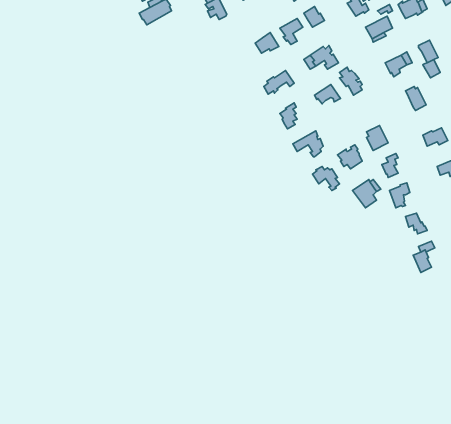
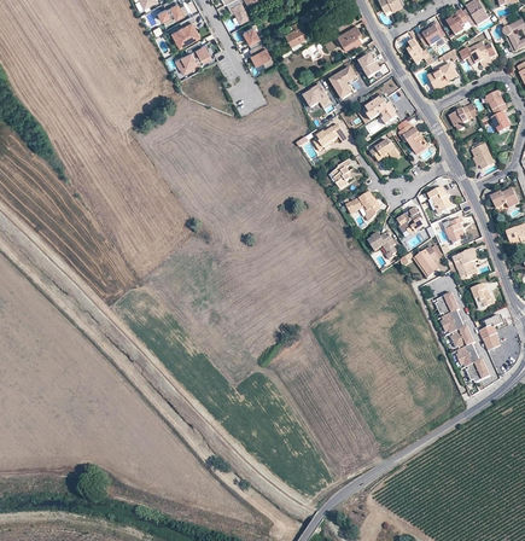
building: none -> [436,292,491,383]

